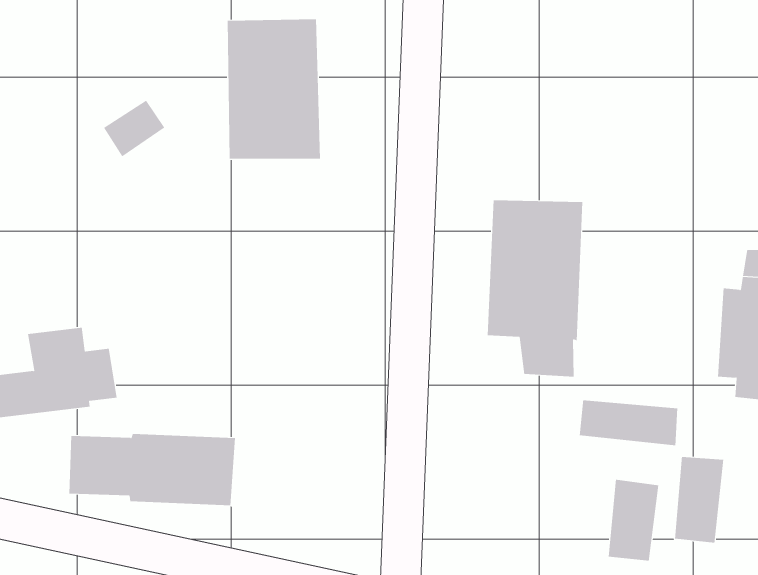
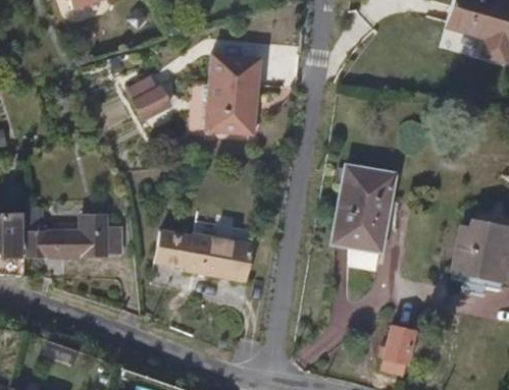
building: [579,399,678,446] -> none
building: [68,434,236,506] -> [155,231,250,280]
building: [675,456,724,543] -> none

